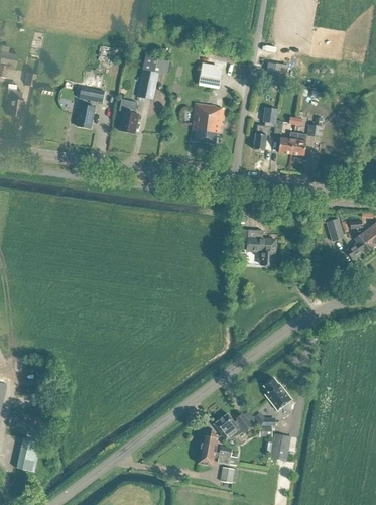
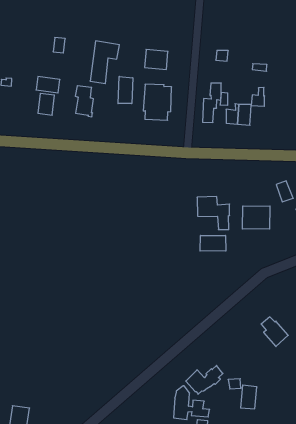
building: none -> [118,76,133,104]
building: none -> [242,206,270,229]
building: none -> [200,235,226,251]
building: [263,378,291,410] -> [261,317,288,347]

